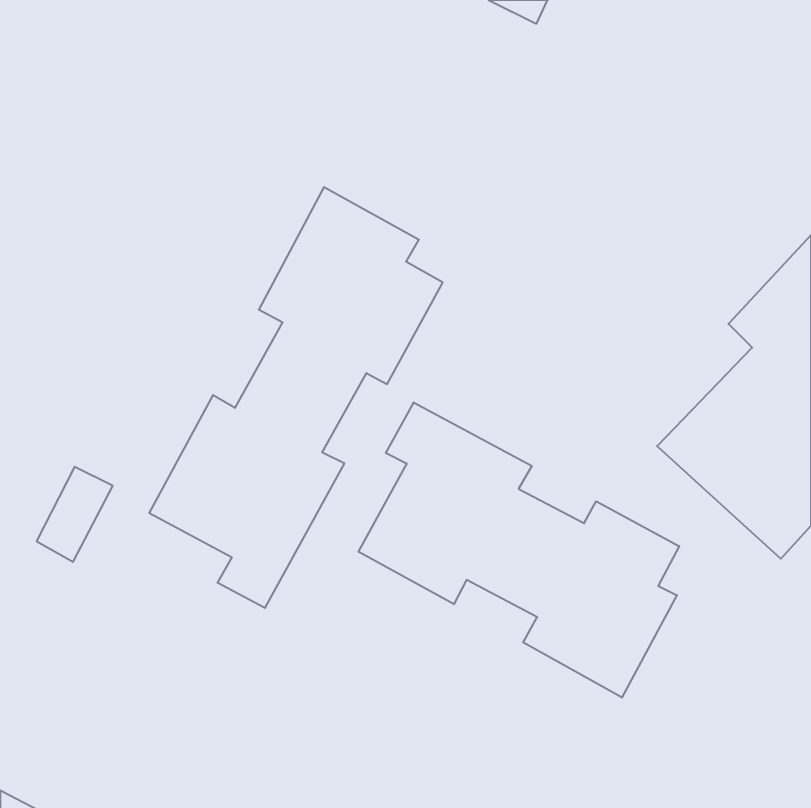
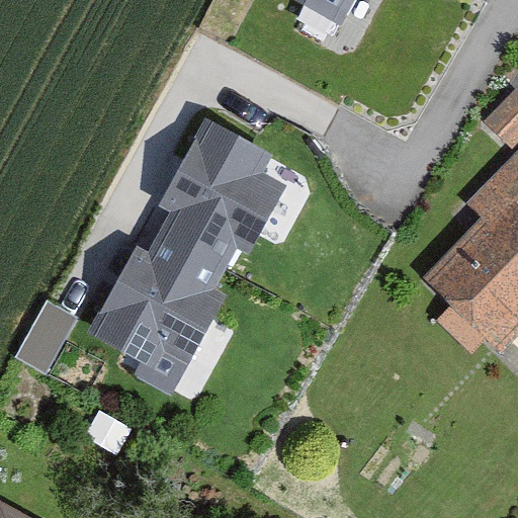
building: [359,402,679,698] -> none

